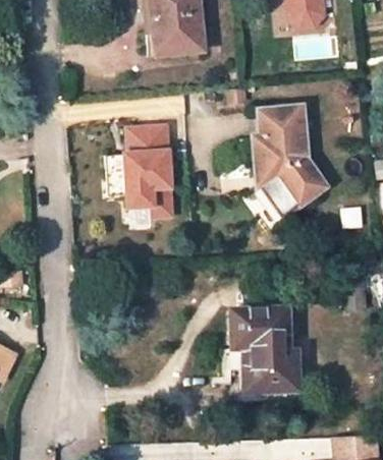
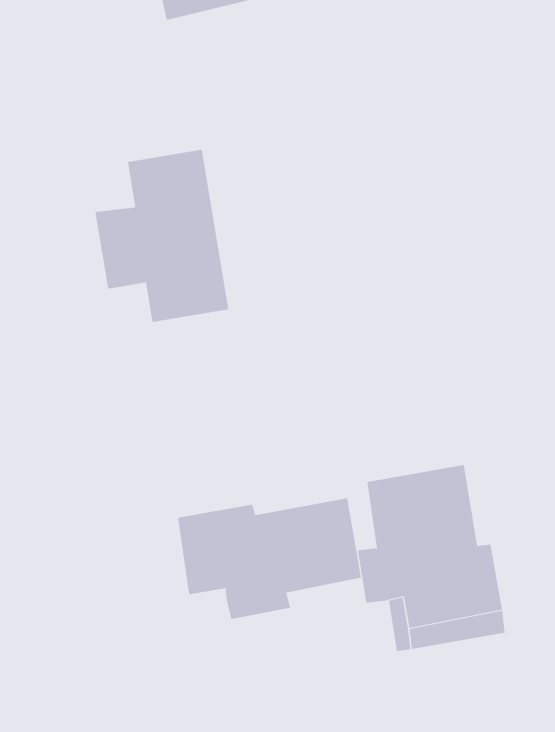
building: [255,105,327,213] -> none
building: none -> [177,497,362,620]

